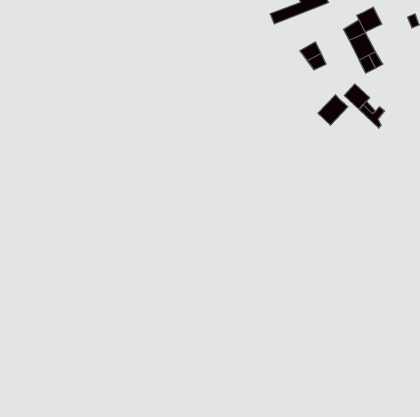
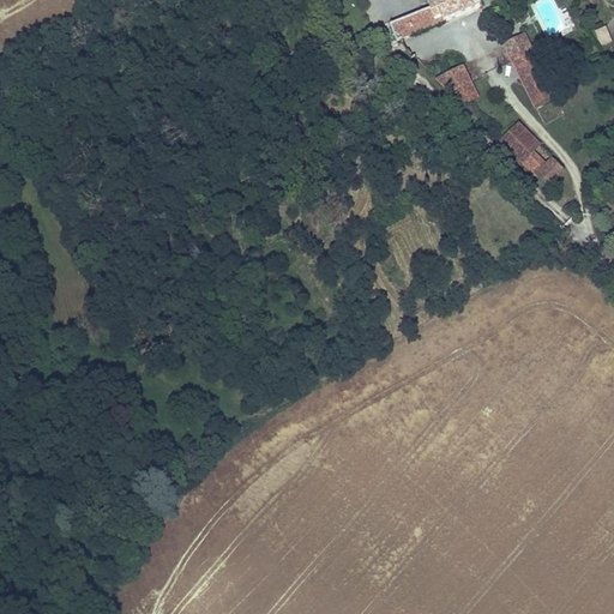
building: [357,7,382,32] -> none
building: [318,95,348,125] -> none

